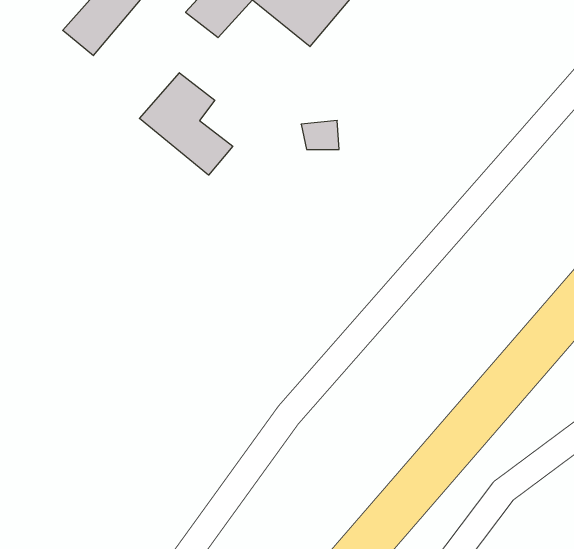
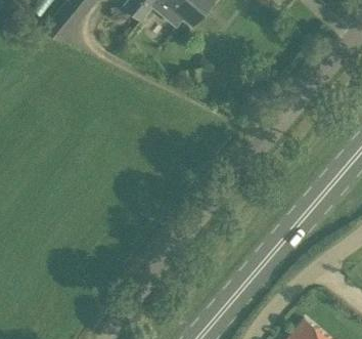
building: [139,73,233,175] -> none

